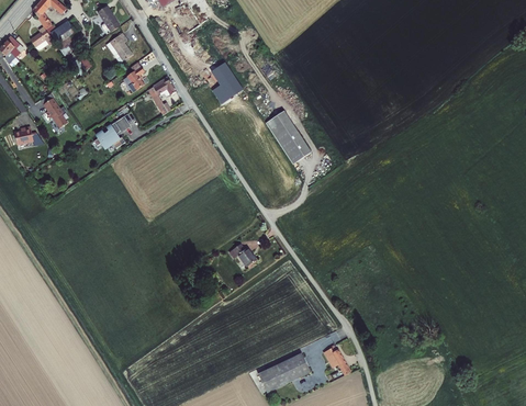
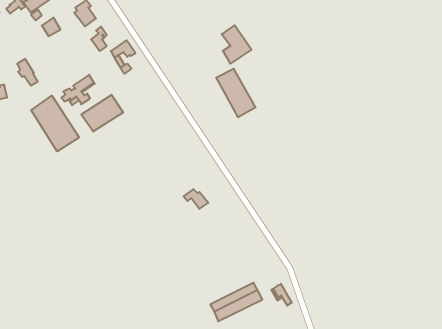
building: [209,61,242,104] -> [222,25,251,64]
building: none -> [81,95,123,132]
building: none -> [31,96,79,151]

